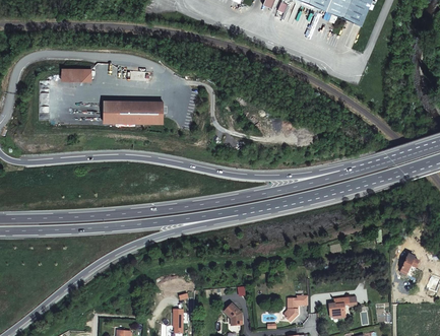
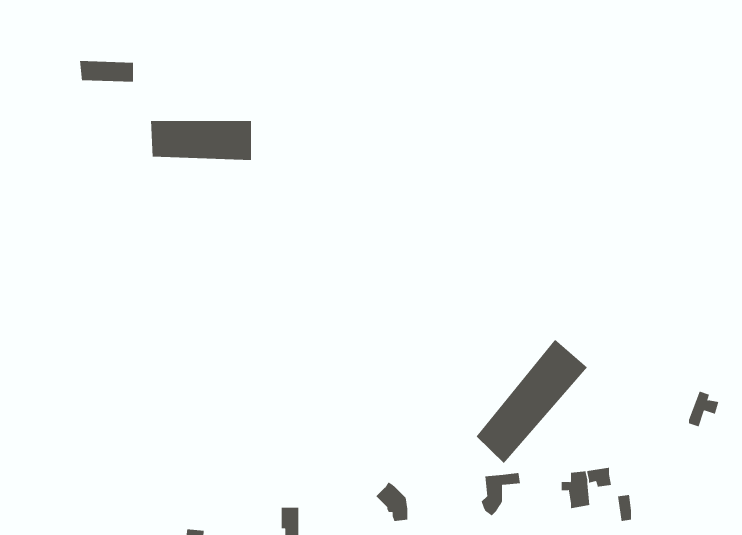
building: none -> [476,339,588,464]

